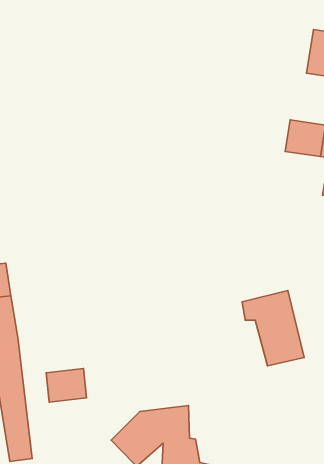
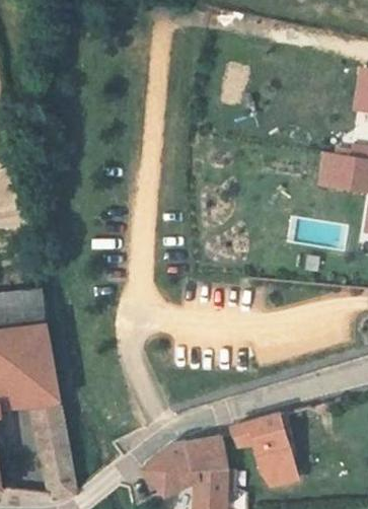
building: [242,291,304,366] -> [236,415,298,490]
building: [46,368,86,402] -> none

